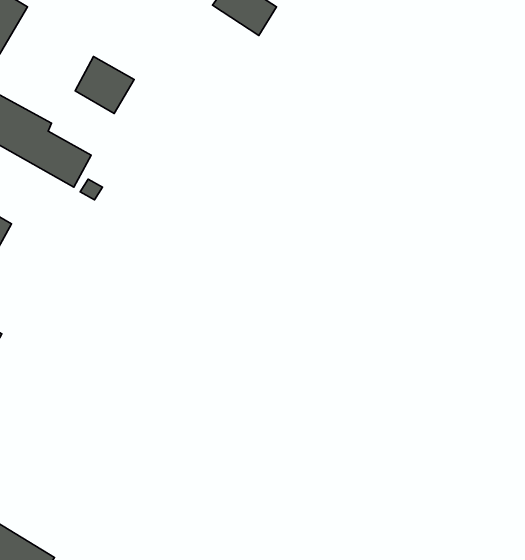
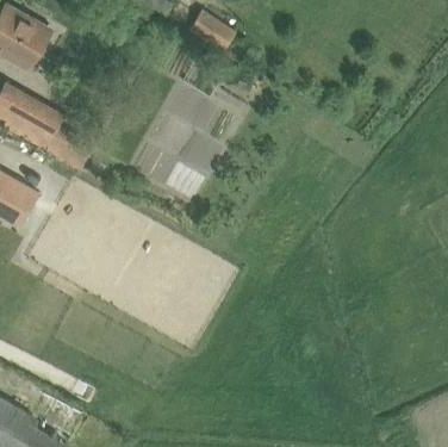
building: [75,56,134,113] -> none

